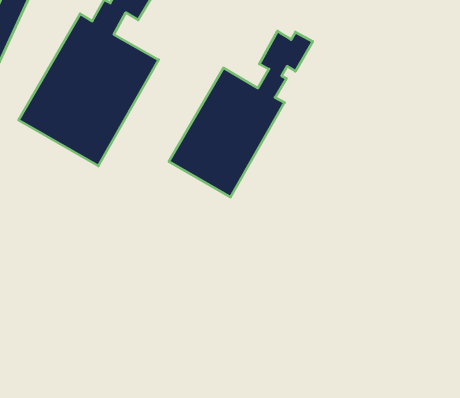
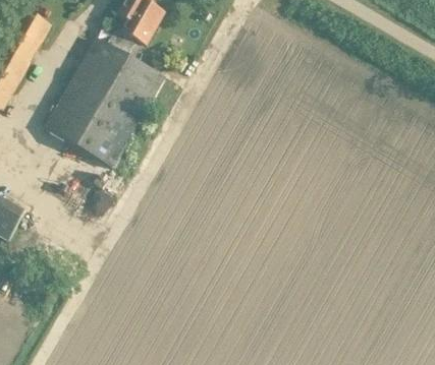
building: [169,31,313,197] -> none

